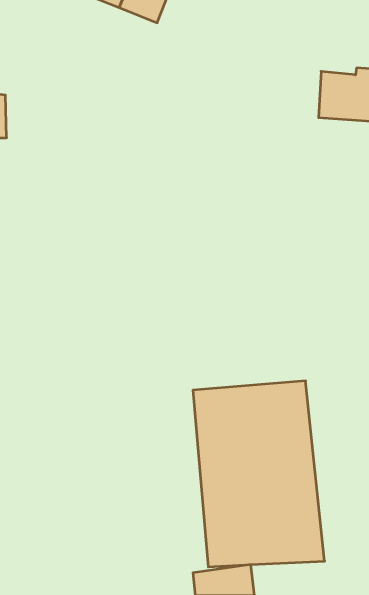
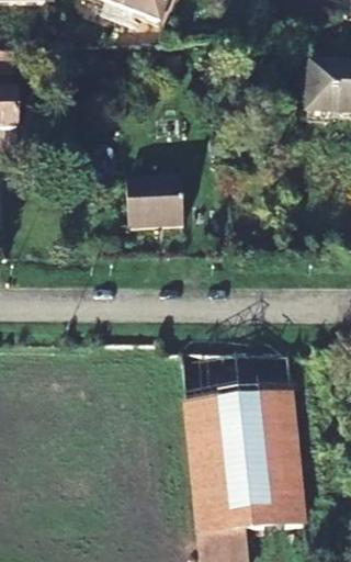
building: none -> [121,181,178,229]

